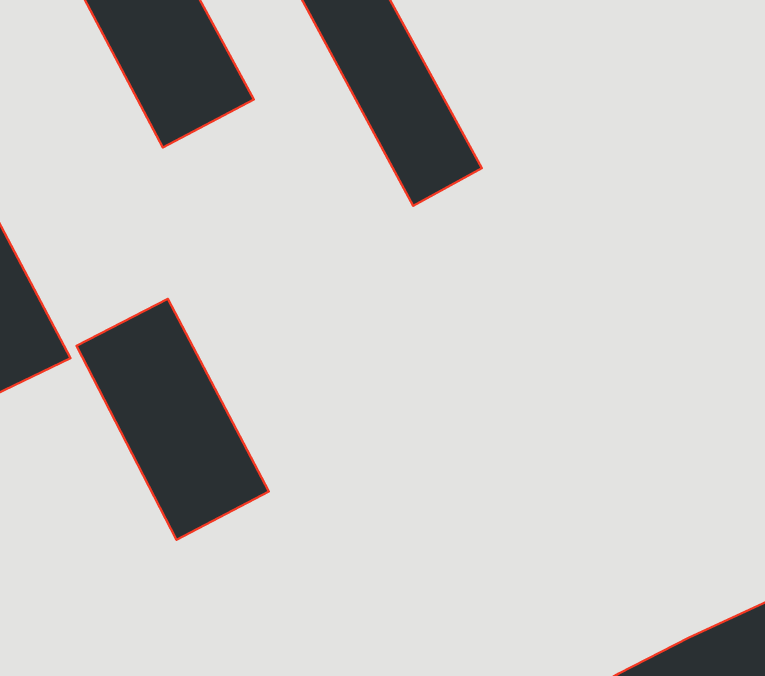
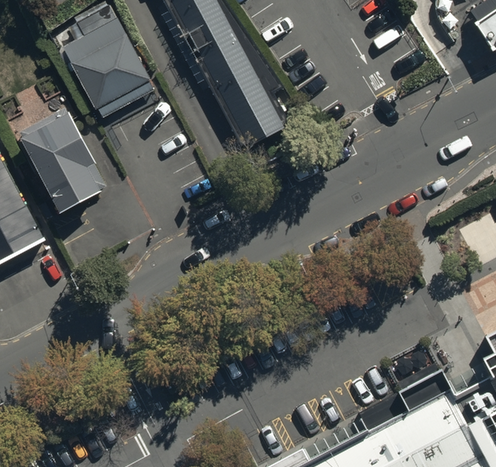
building: none -> [20,103,102,213]
building: [76,299,269,540] -> none

